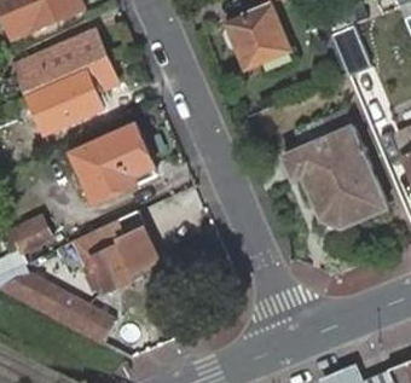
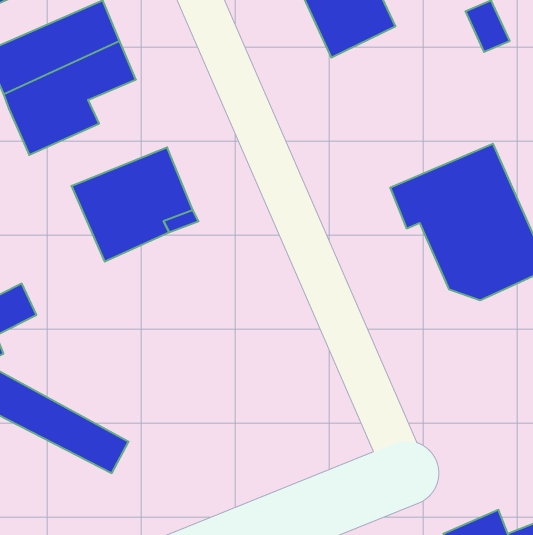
building: [80,228,160,292] -> none

